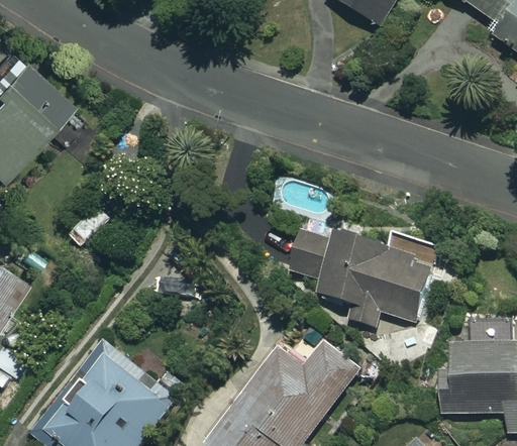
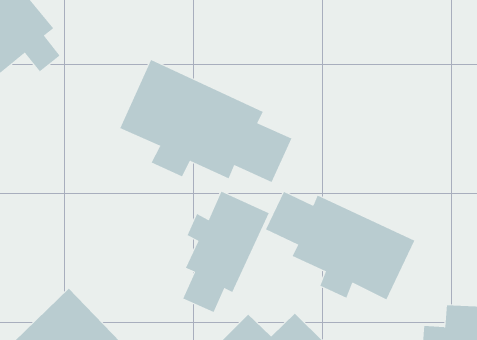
building: none -> [119,59,292,183]
building: none -> [183,191,270,313]

